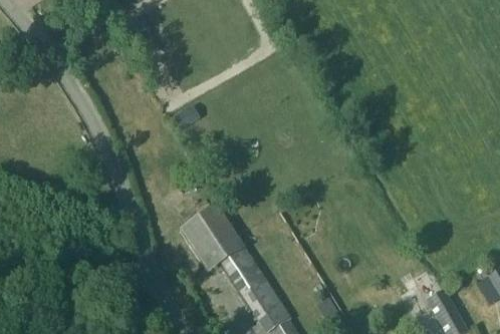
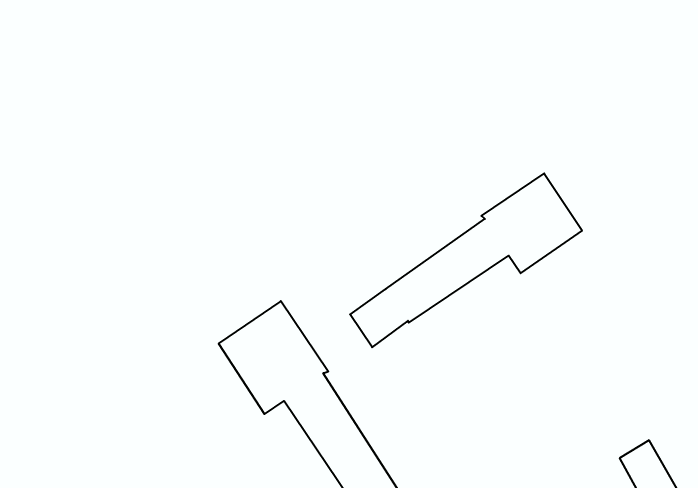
building: none -> [350,173,582,347]

